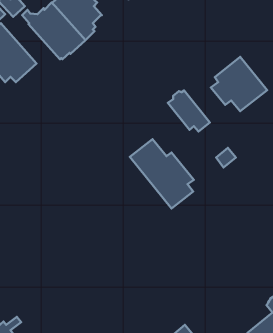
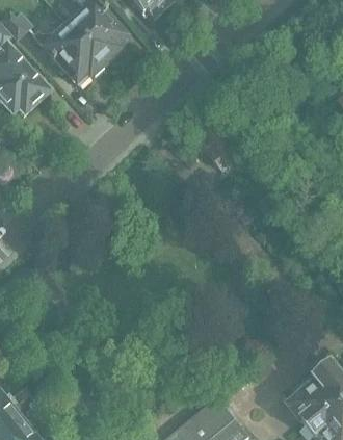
building: [211,57,267,111] -> none
building: [130,139,194,208] -> none

